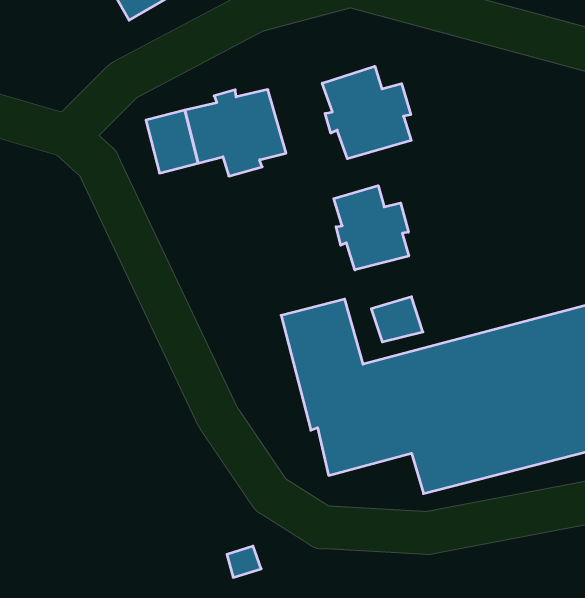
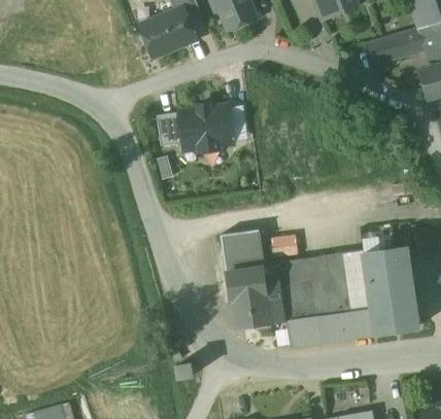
building: [322,66,411,159] -> none
building: [334,186,409,270] -> none

